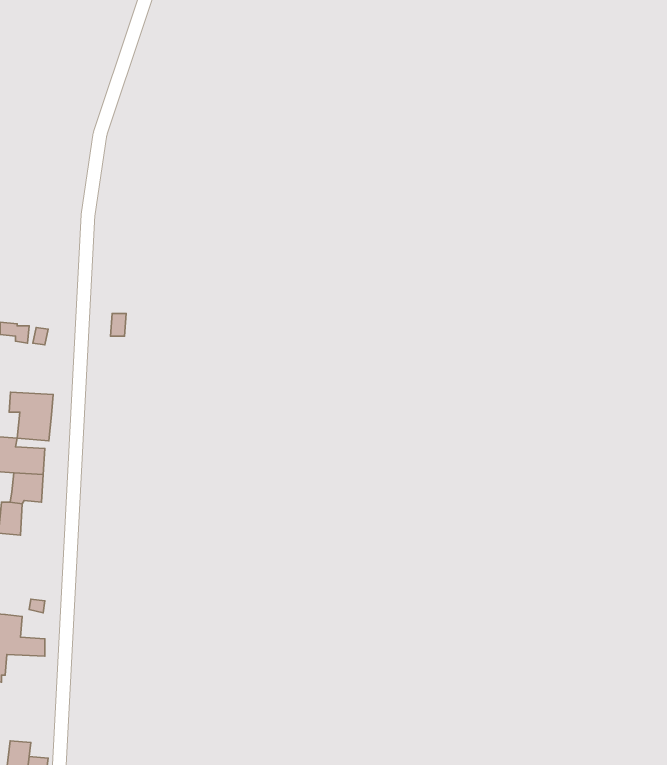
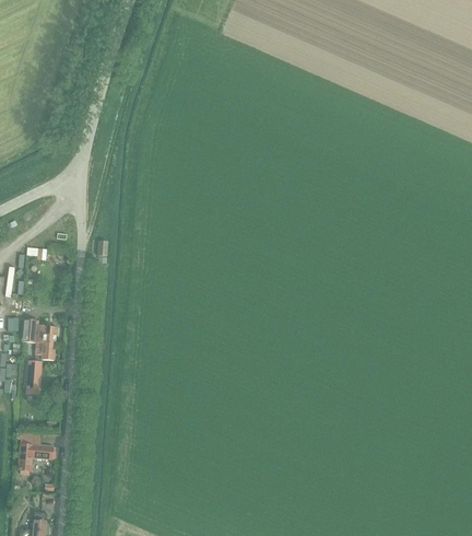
building: [9,392,53,441] -> none

